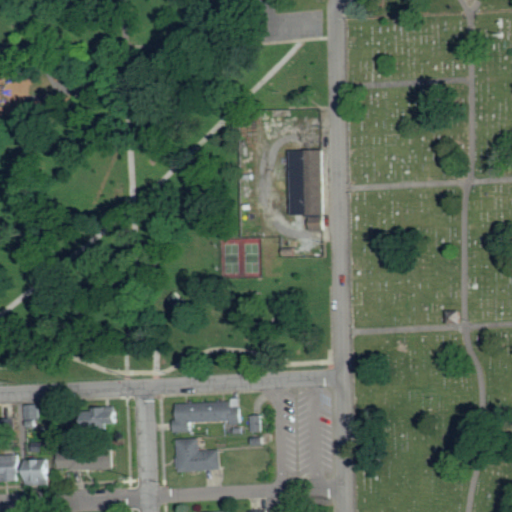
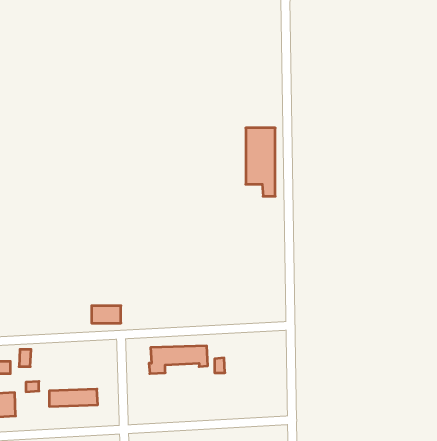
building: [83,408,117,428] -> [92,306,121,323]
building: [175,439,219,472] -> none
building: [23,460,51,486] -> none

